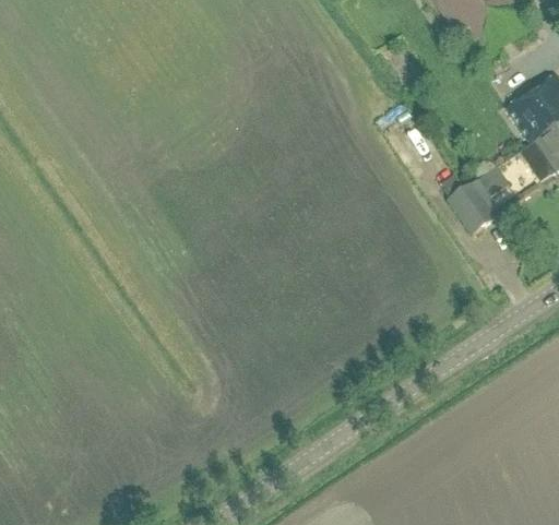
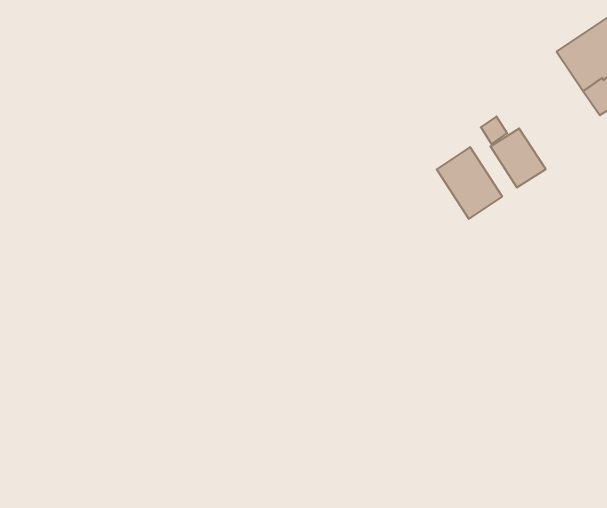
building: none -> [437,147,502,219]

